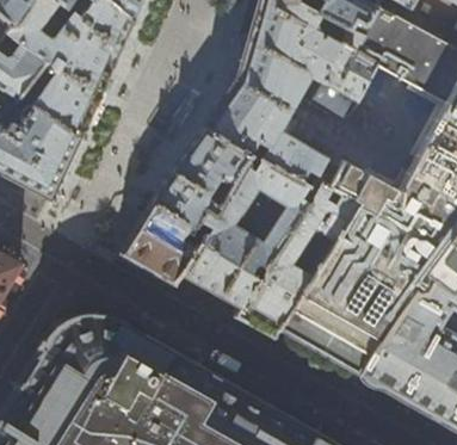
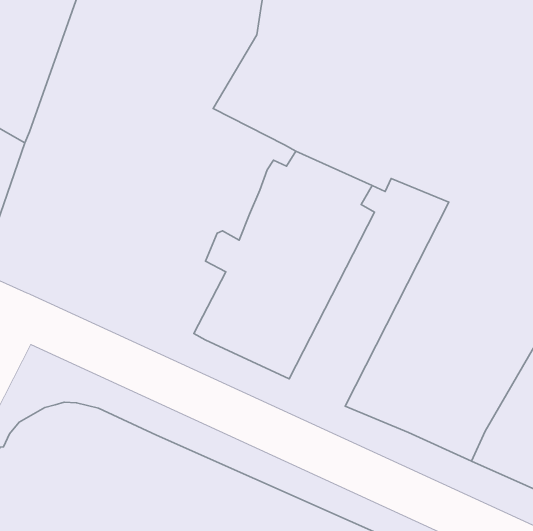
building: [119,126,253,288] -> none
building: [236,184,359,342] -> none

